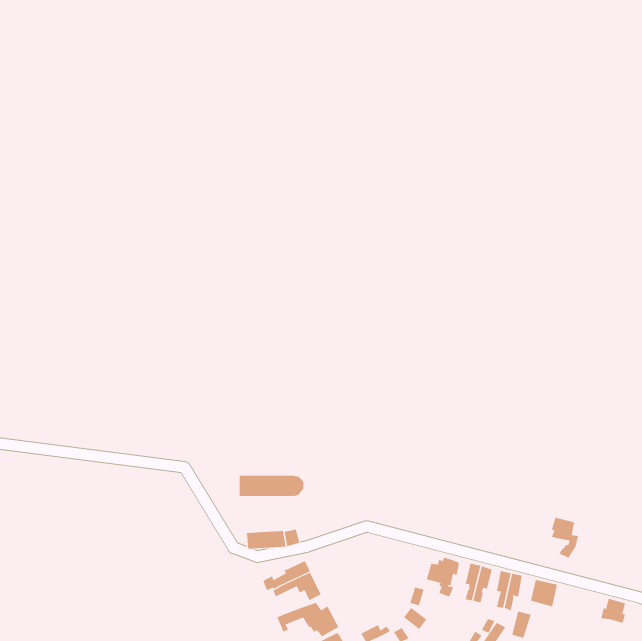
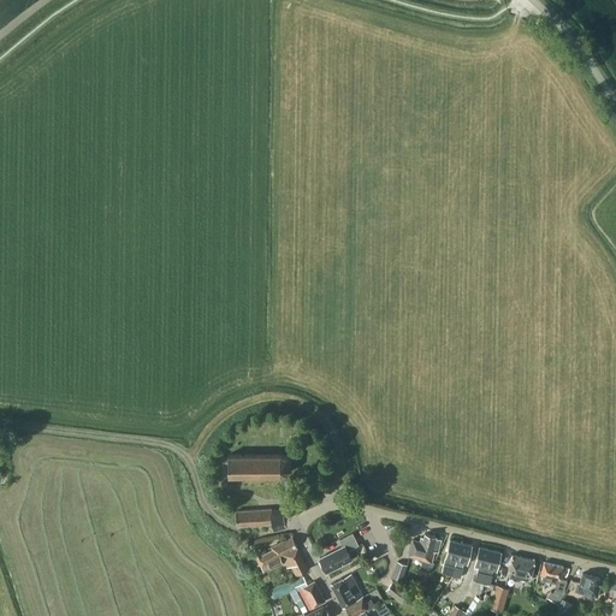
building: [551,517,579,559] -> [540,563,567,603]
building: none -> [319,534,359,573]
building: none -> [331,575,363,608]

